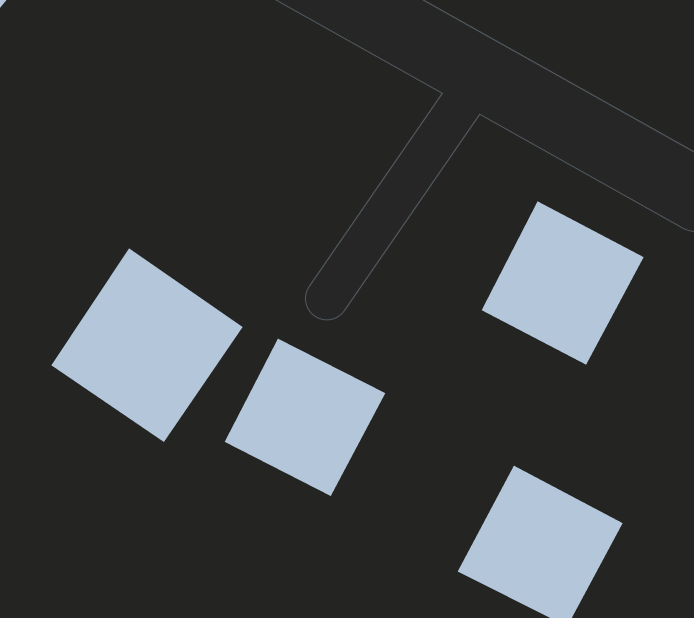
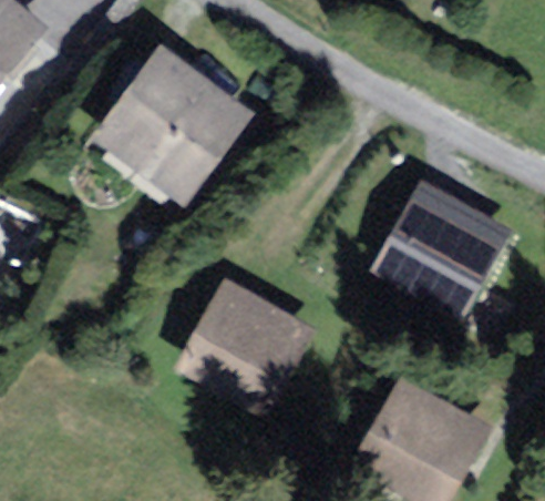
building: none -> [97,53,251,206]
building: [50,247,244,443] -> none

